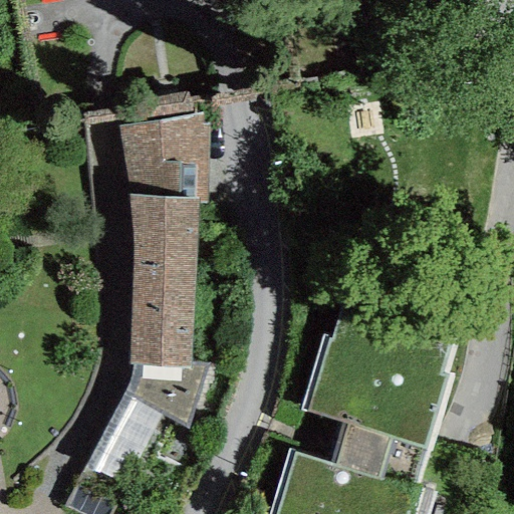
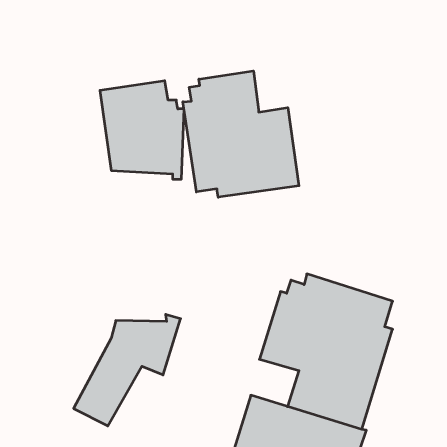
building: none -> [183,71,299,197]
building: [128,197,199,369] -> none

